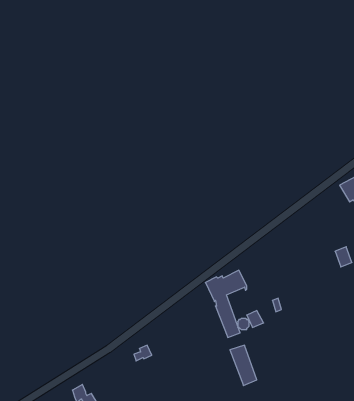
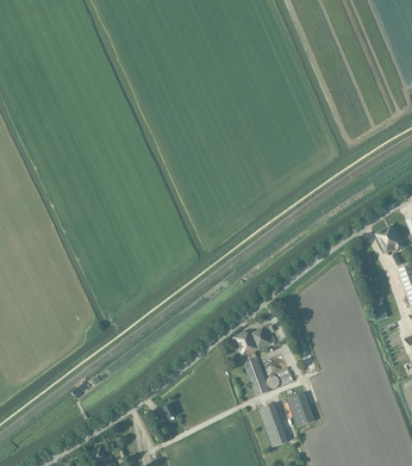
building: none -> [287,393,314,427]

